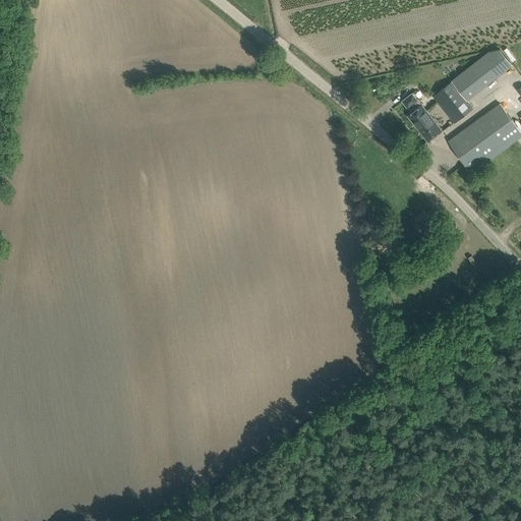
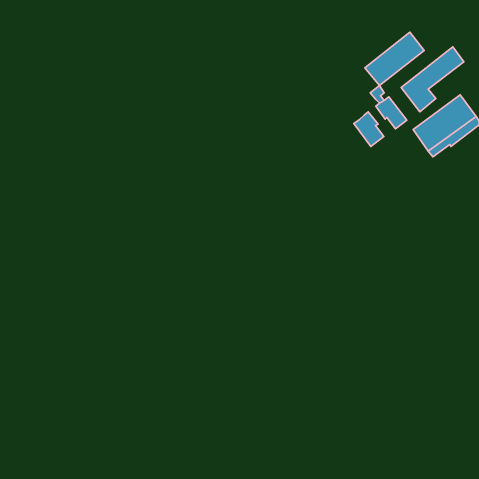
building: none -> [365,32,424,85]
building: none -> [354,112,384,146]

